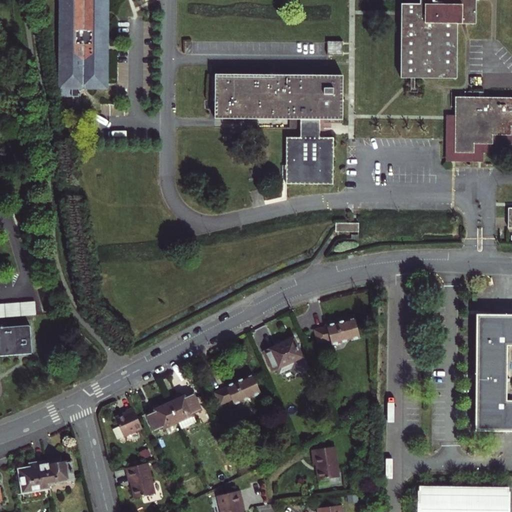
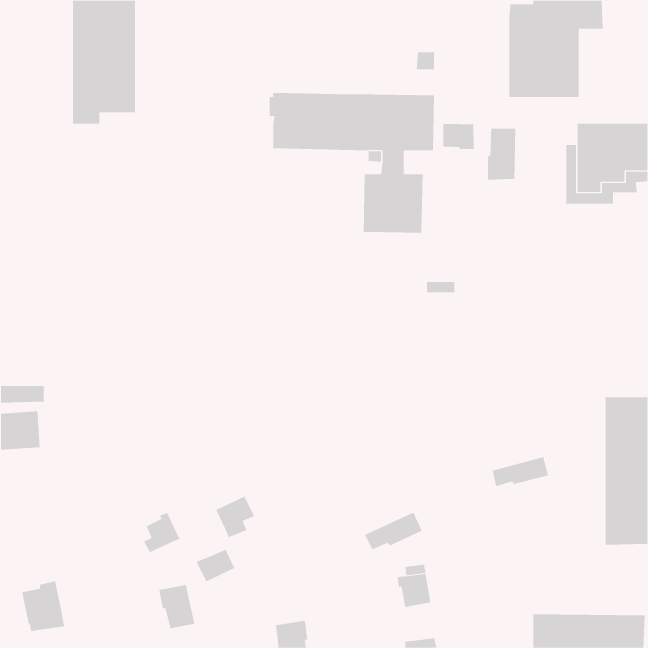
building: none -> [443,123,474,150]
building: none -> [487,128,516,181]
building: [314,317,359,341] -> [492,457,549,487]
building: [263,336,307,372] -> none
building: [214,373,260,403] -> [364,512,423,550]
building: [146,402,177,428] -> [196,549,235,582]
building: [44,455,74,482] -> none

